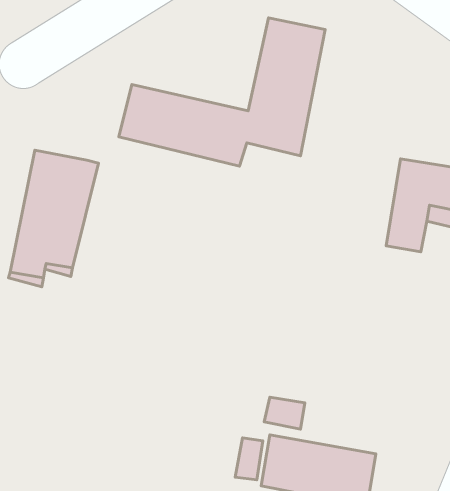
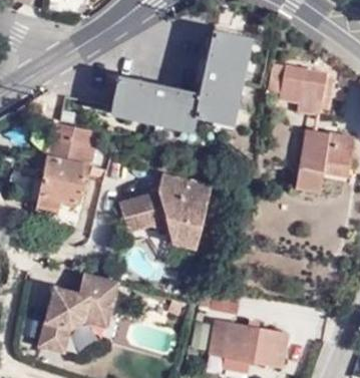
building: none -> [265,63,326,115]
building: none -> [118,172,211,249]
building: none -> [38,272,118,352]

